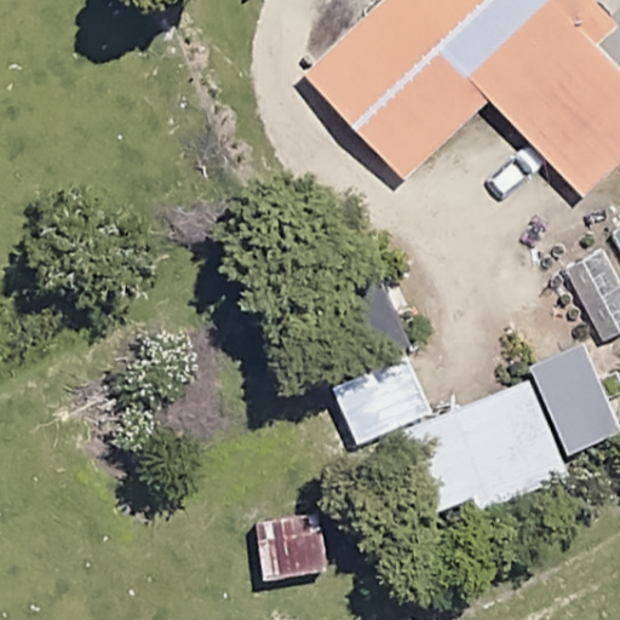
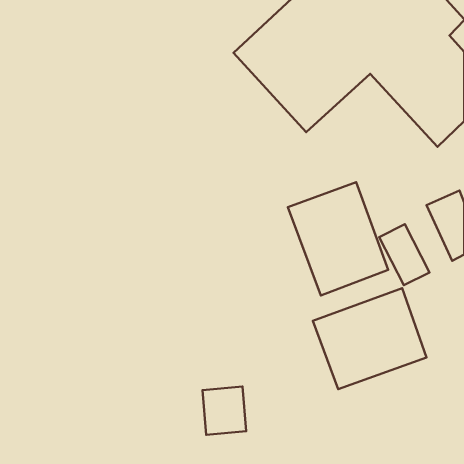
building: none -> [288,182,388,295]

